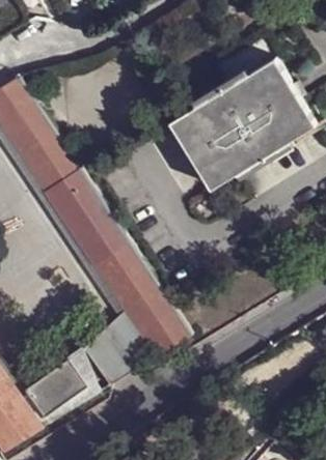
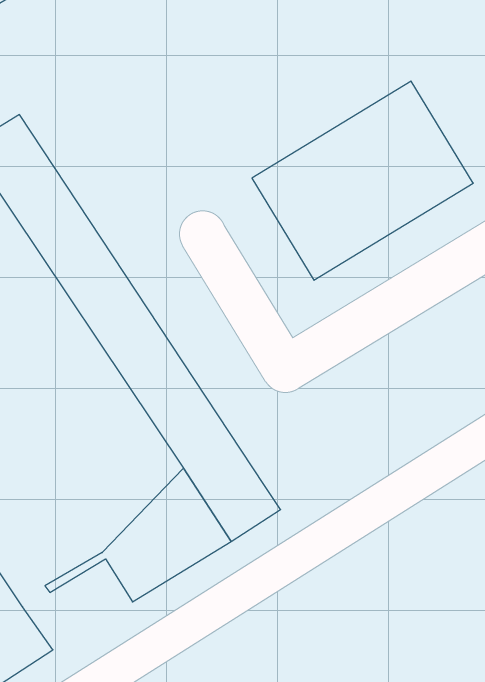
building: [20,370,91,429] -> none

